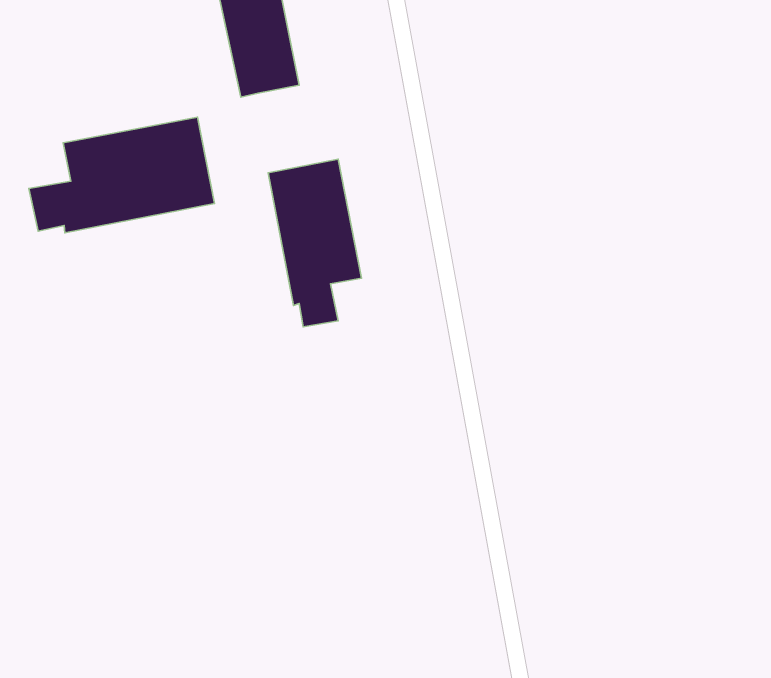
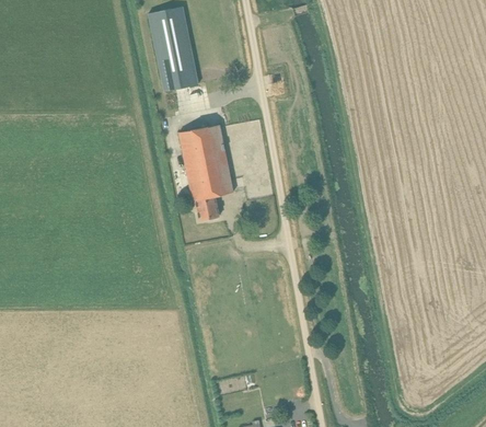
building: [29,117,214,233] -> none

